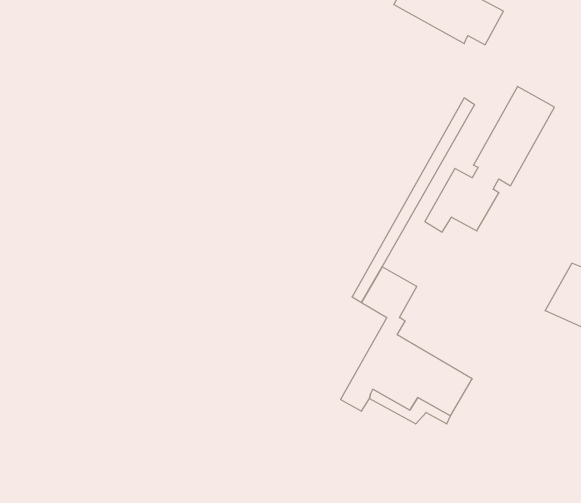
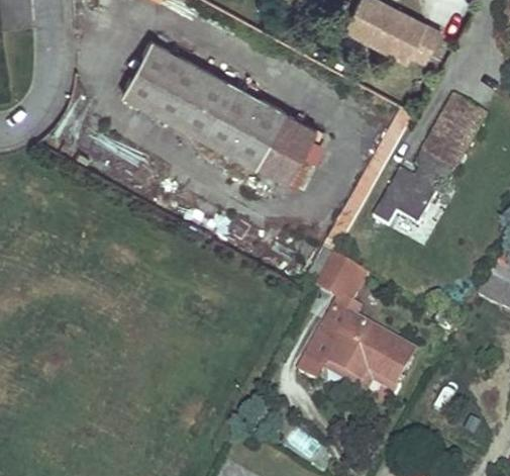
building: none -> [121,40,314,182]

